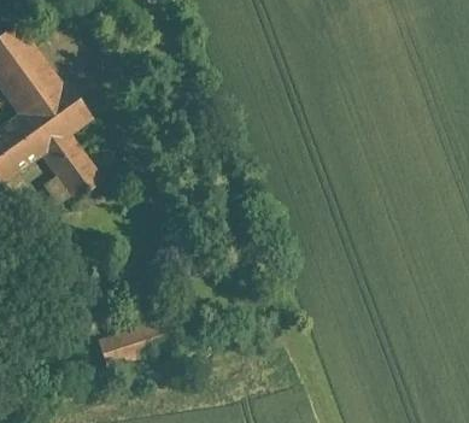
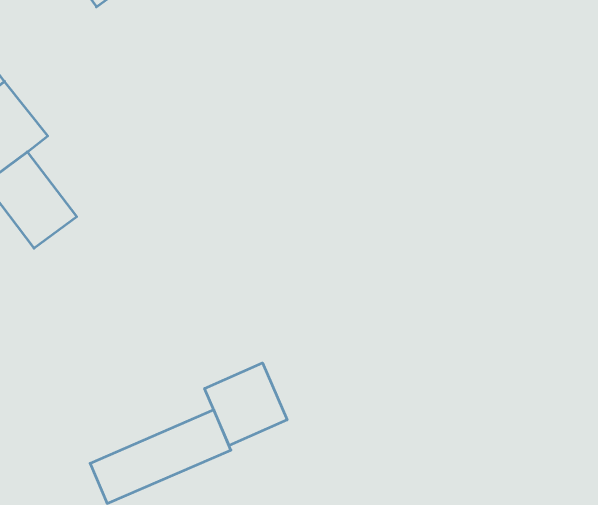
building: none -> [205,363,287,445]

